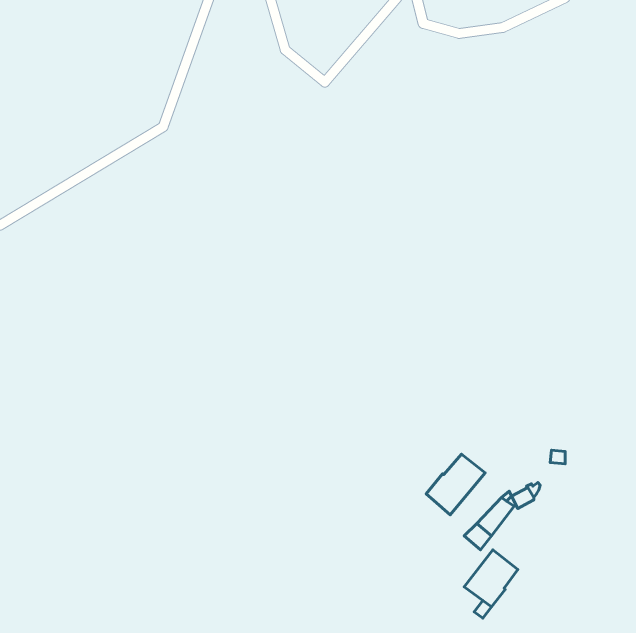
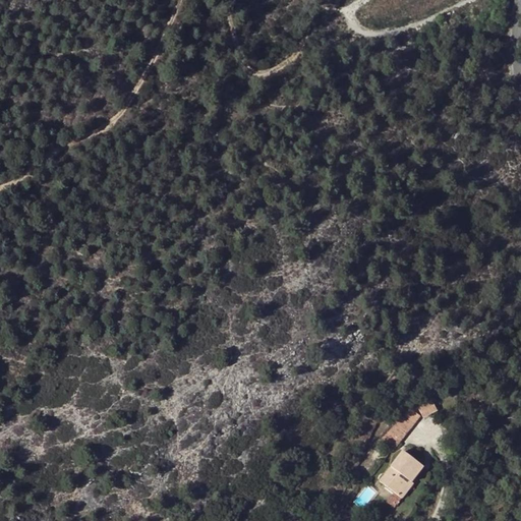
building: [426,454,485,515] -> none

